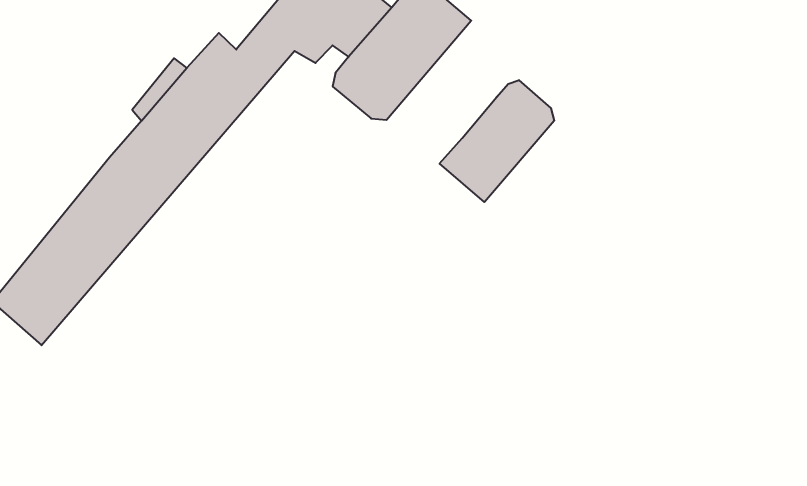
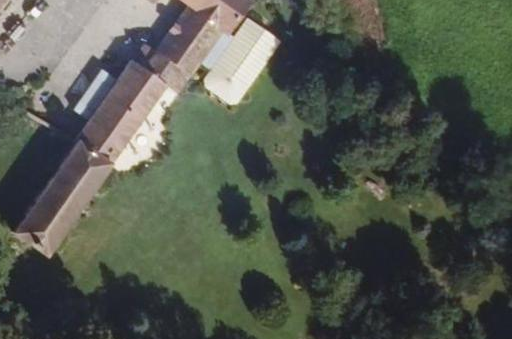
building: [440,80,554,202] -> none

